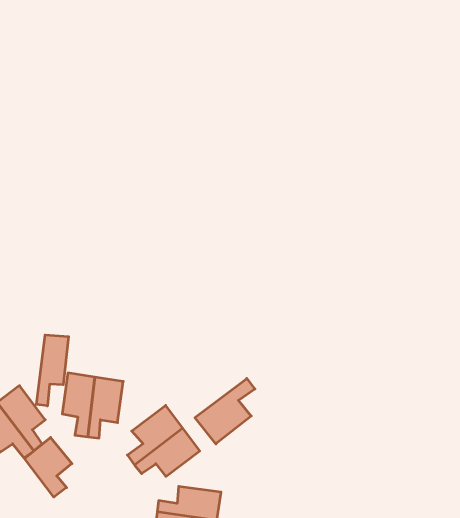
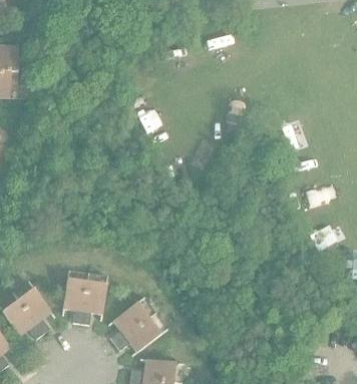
building: [36,335,69,406] -> none
building: [195,378,255,444] -> none
building: [24,437,72,497] -> none

